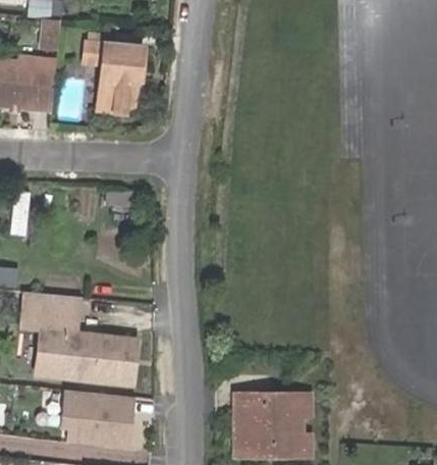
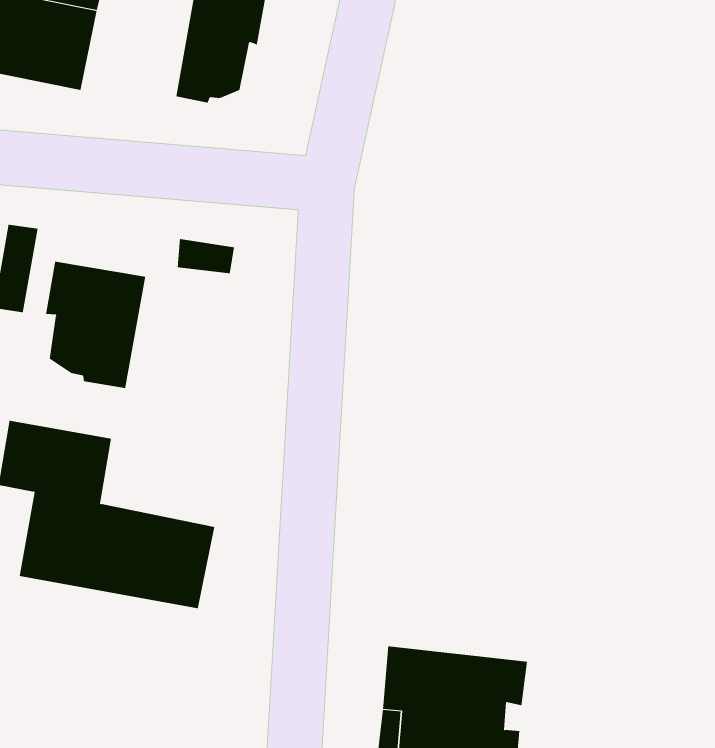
building: none -> [45,261,146,389]
building: [61,385,131,450] -> none

